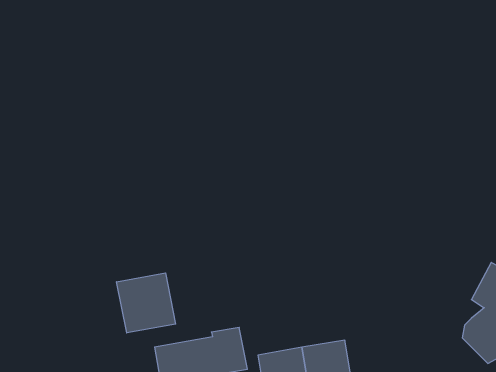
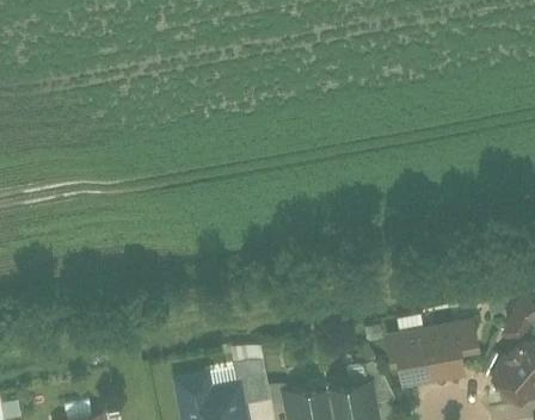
building: [117,273,176,333] -> none
building: none -> [386,316,479,385]

